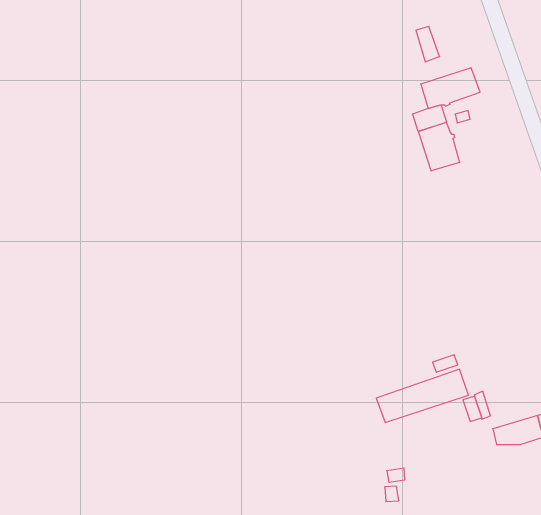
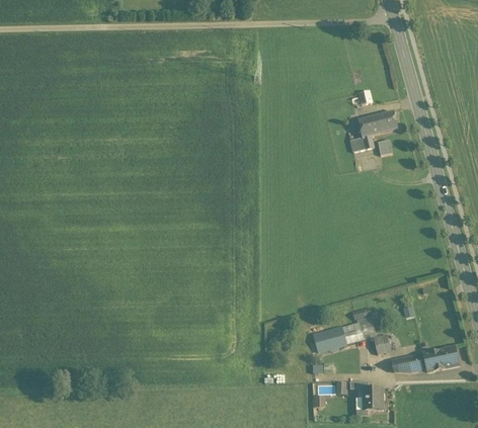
building: [418,122,460,171] -> none
building: none -> [356,386,381,412]

